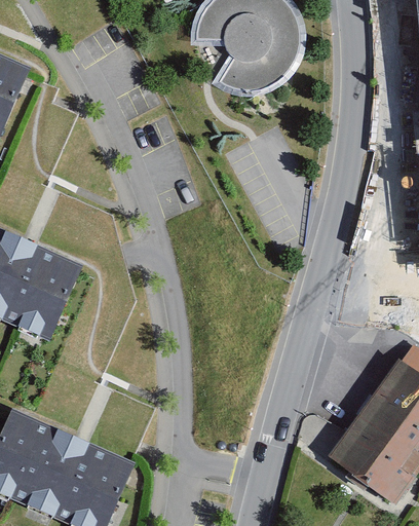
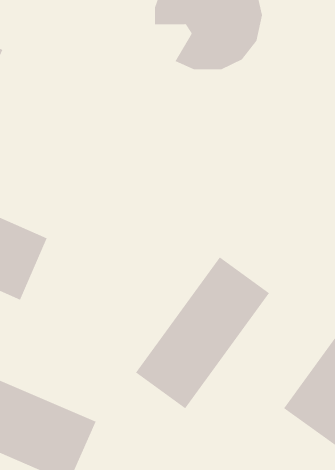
building: none -> [135,256,270,409]

